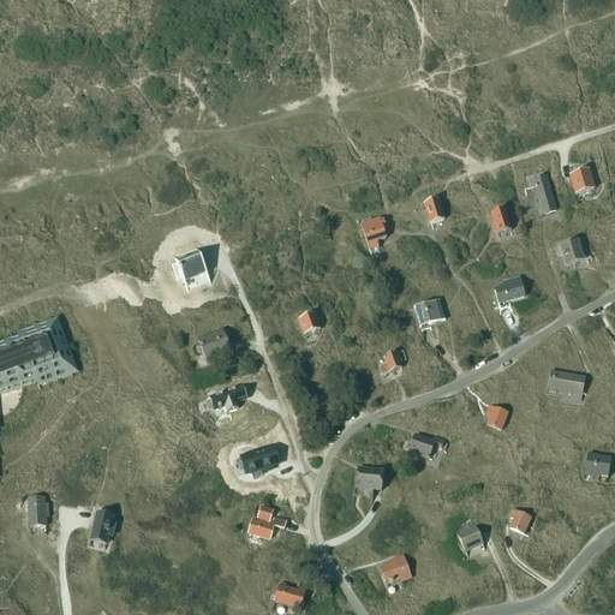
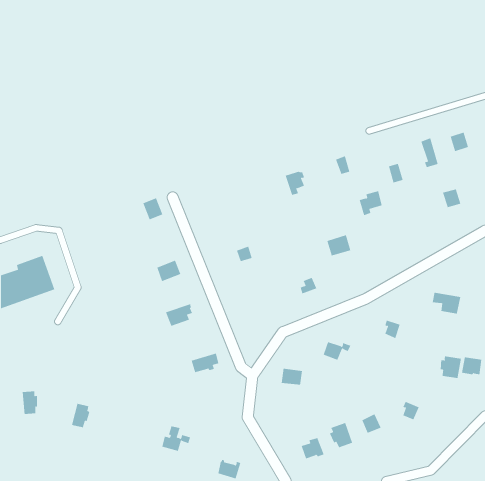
building: [494,275,524,308] -> [359,190,383,216]
building: none -> [440,356,461,379]
building: [249,504,286,537] -> [161,426,191,451]
building: none -> [329,422,353,448]

